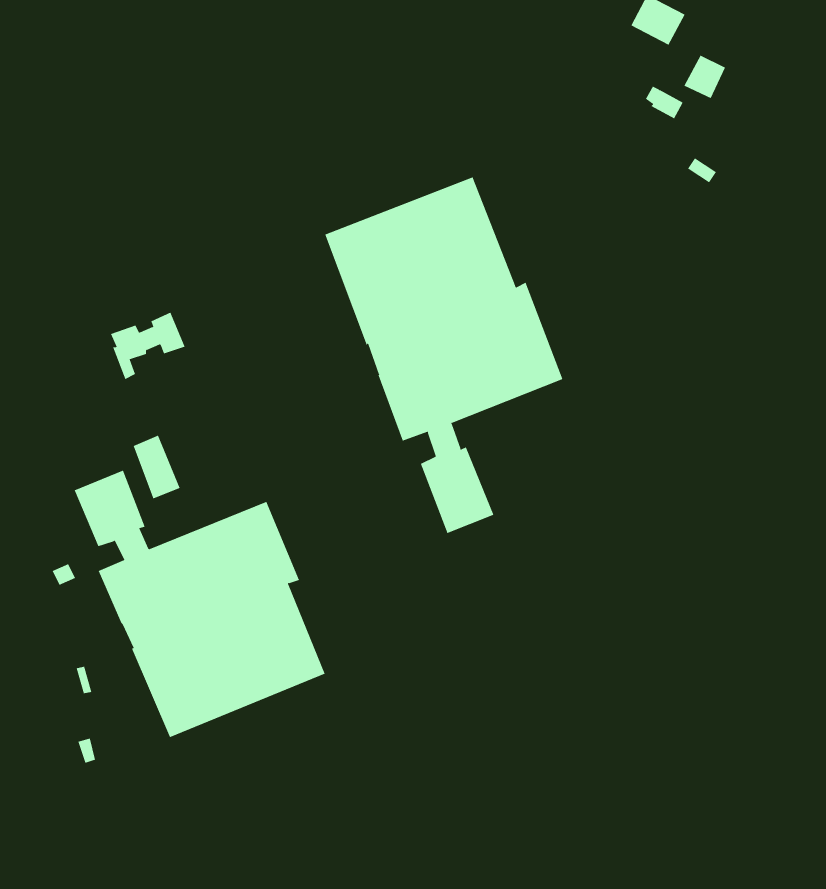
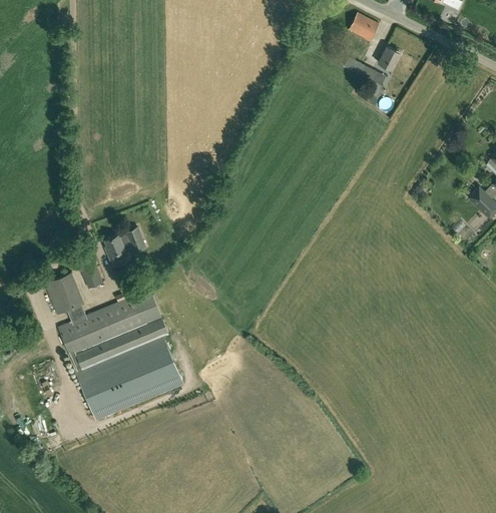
building: [325,176,563,534] -> none
building: [110,312,185,380] -> [104,227,145,265]

